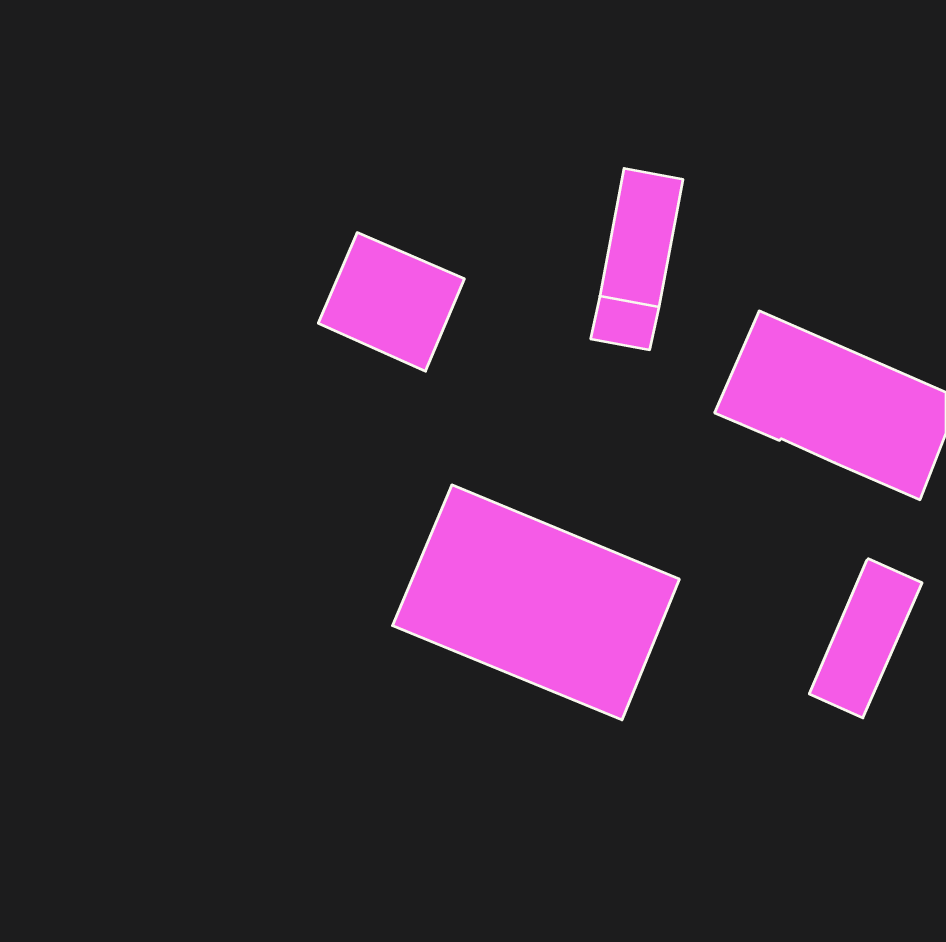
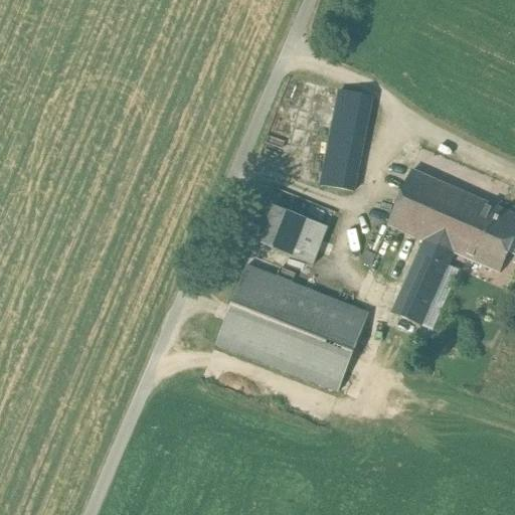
building: [318,233,464,371] -> [254,188,334,264]
building: [809,559,922,718] -> [392,238,454,325]

